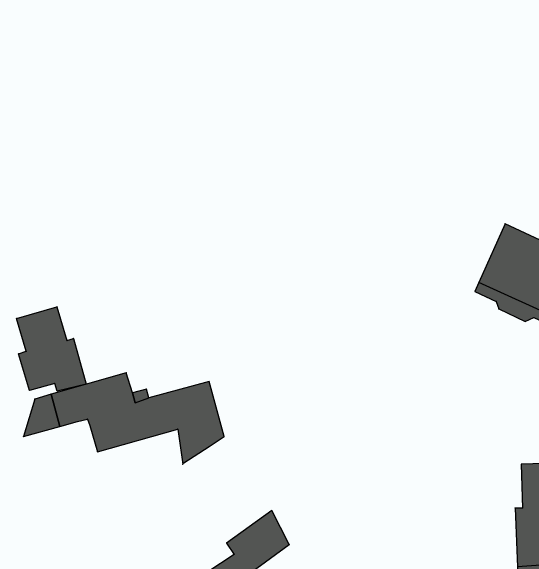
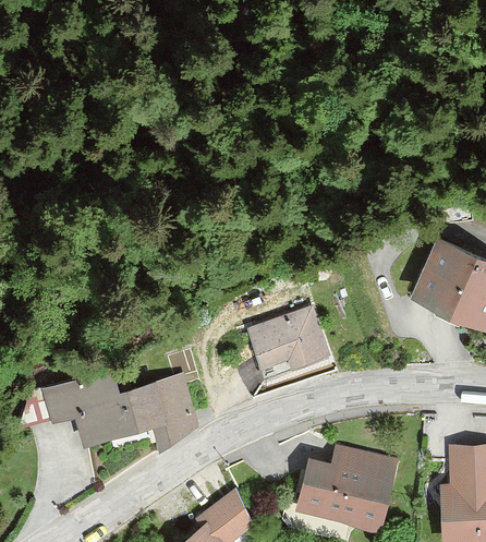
building: none -> [248,310,326,380]
building: [17,307,86,391] -> none
building: none -> [299,448,392,527]

